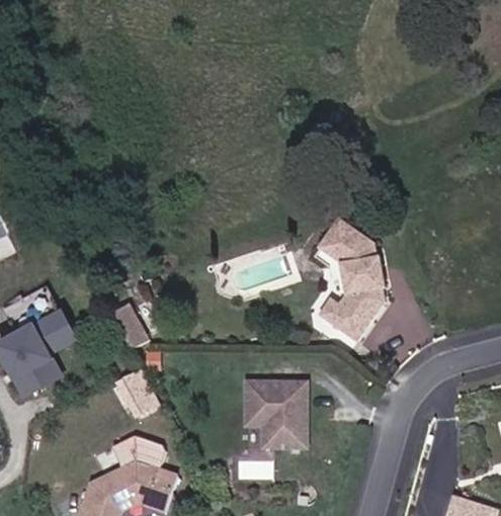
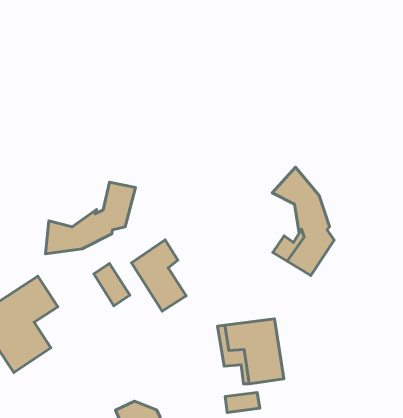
building: none -> [45,182,136,254]
building: none -> [132,240,186,311]
building: [117,366,159,416] -> none

